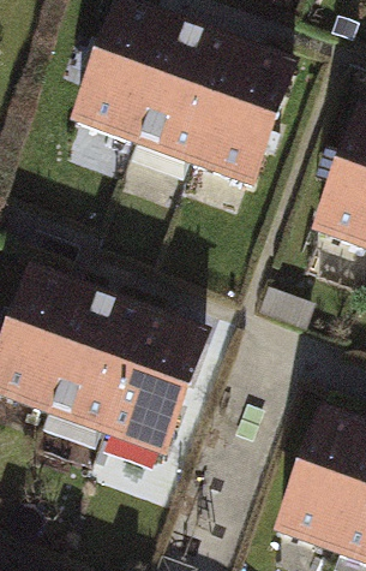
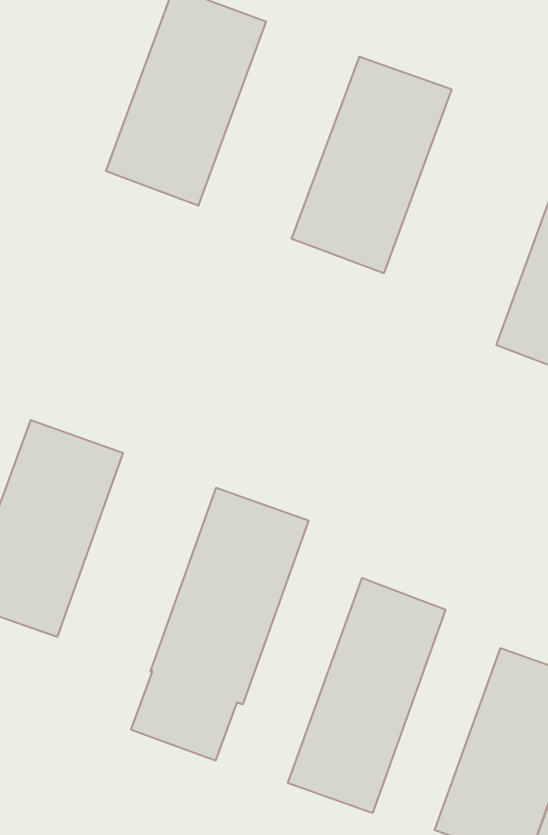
building: [133,25,233,160] -> none
building: [46,293,144,429] -> none
building: none -> [288,578,445,813]

